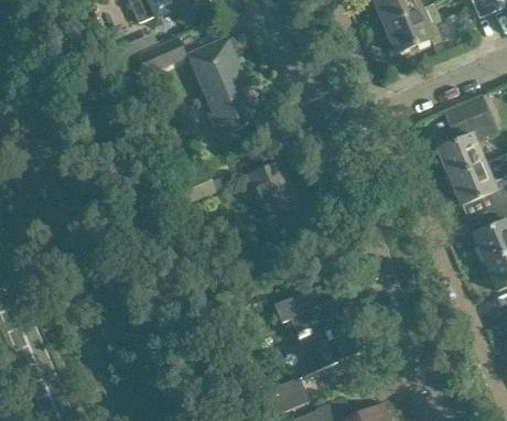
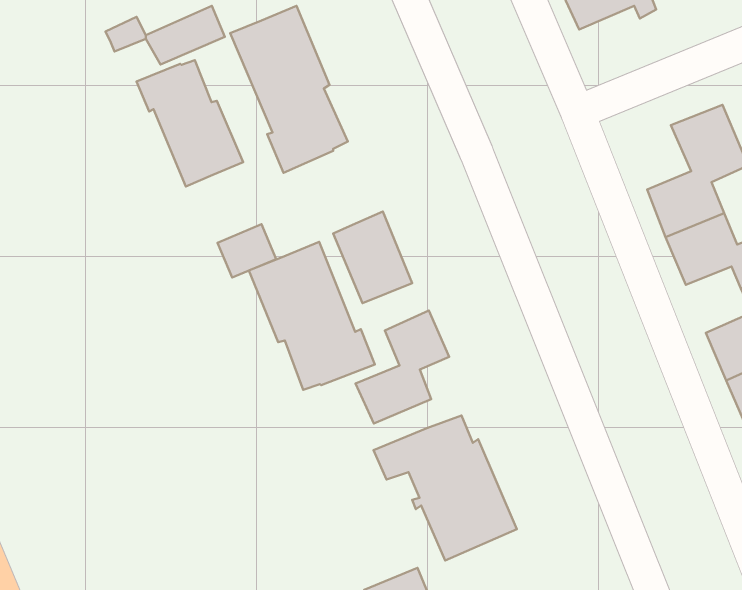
building: none -> [137,60,243,187]
building: none -> [249,242,375,390]
building: none -> [356,310,449,423]

